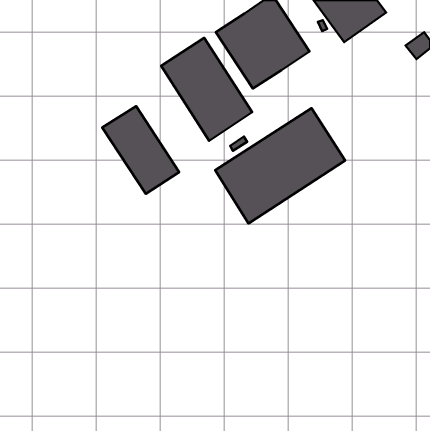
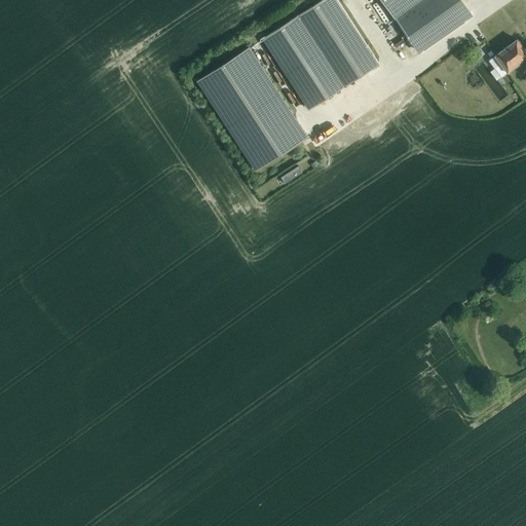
building: [102,106,179,194] -> none
building: [215,108,345,223] -> none

